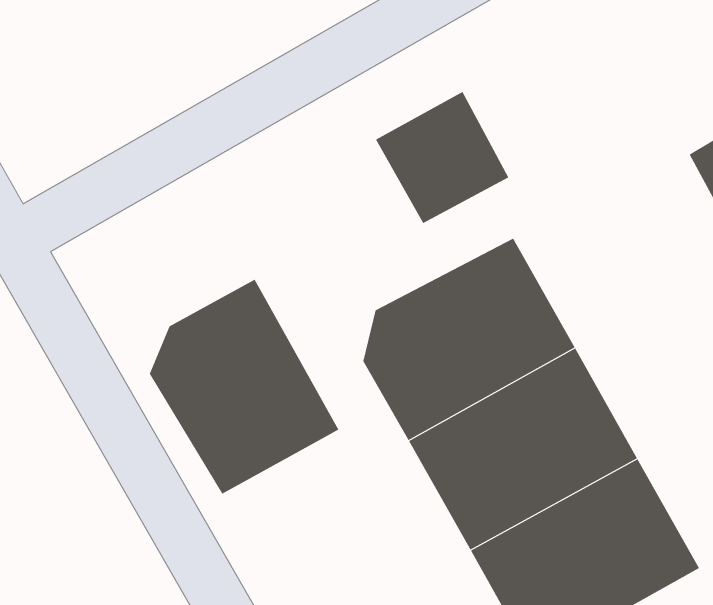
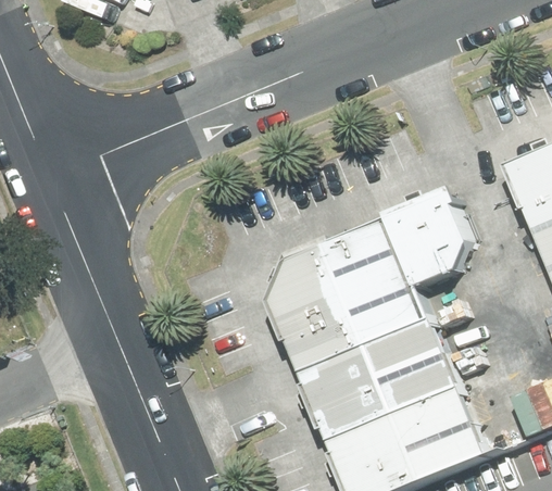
building: [375,91,509,224] -> [384,192,472,279]
building: [149,279,339,495] -> none

